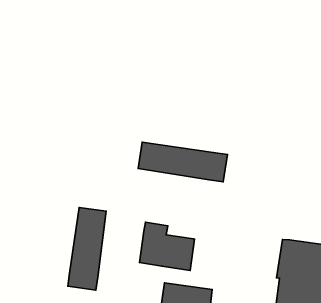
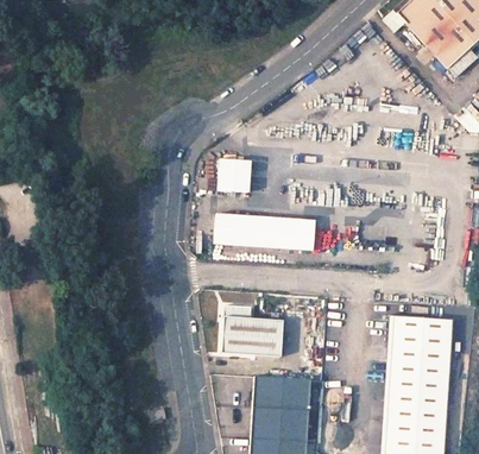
building: none -> [216,158,250,193]
building: [68,208,106,290] -> none

